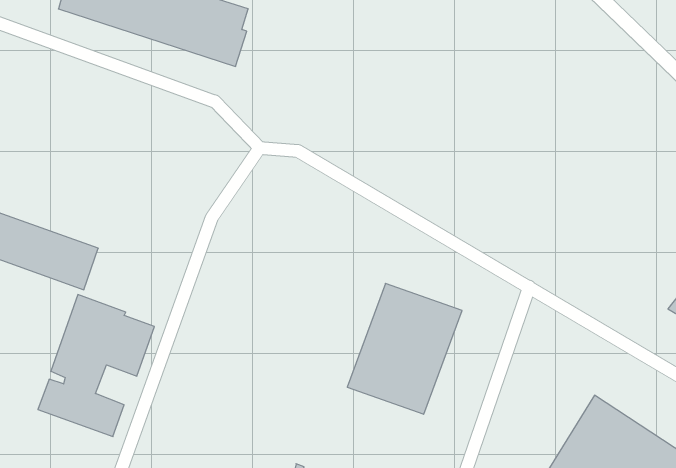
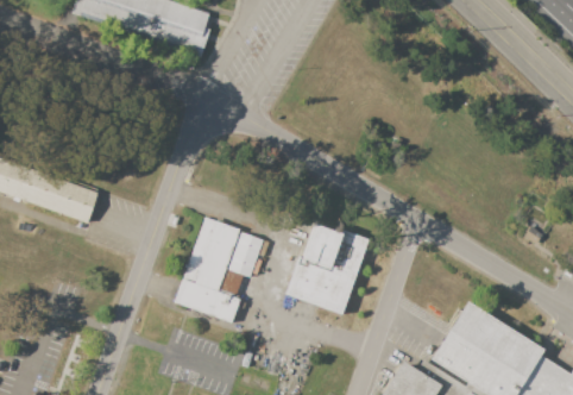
building: [38,295,154,437] -> [177,217,264,322]

